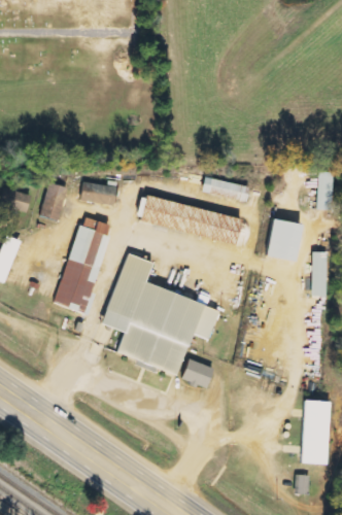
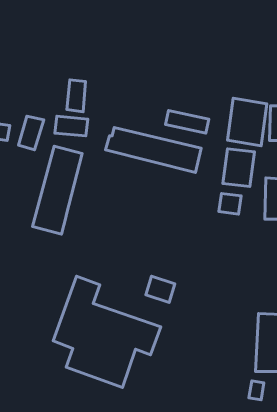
building: none -> [67,80,85,112]
building: none -> [227,98,267,146]
building: [101,252,219,375] -> [53,276,161,388]
building: none -> [219,193,241,214]

